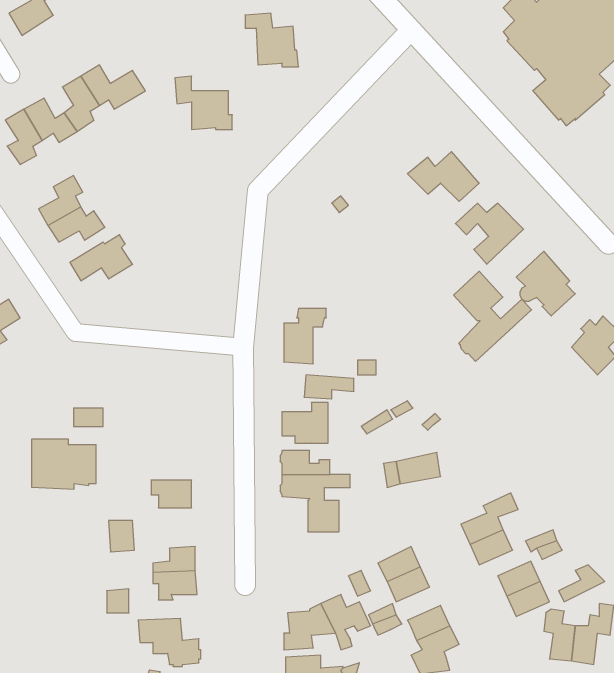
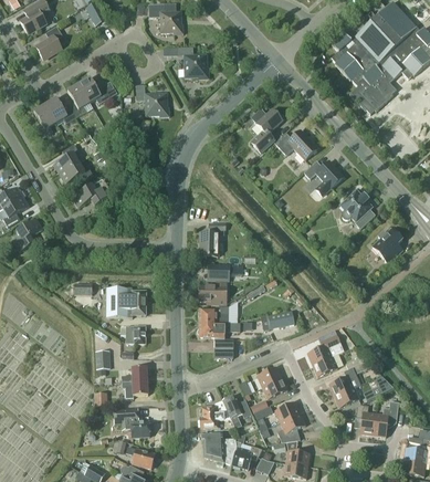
building: none -> [251,107,284,153]
building: [454,271,532,361] -> none
building: [32,439,96,489] -> [106,287,145,317]

